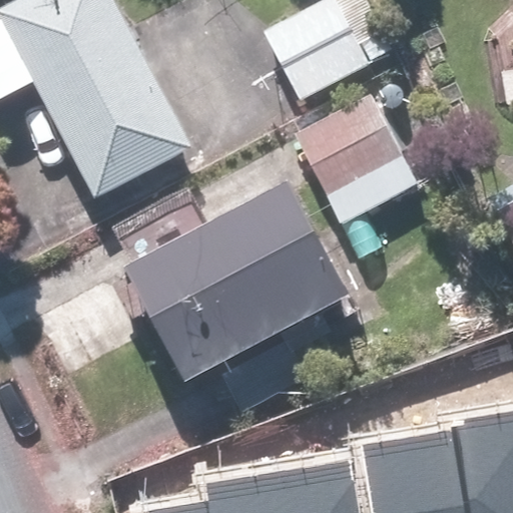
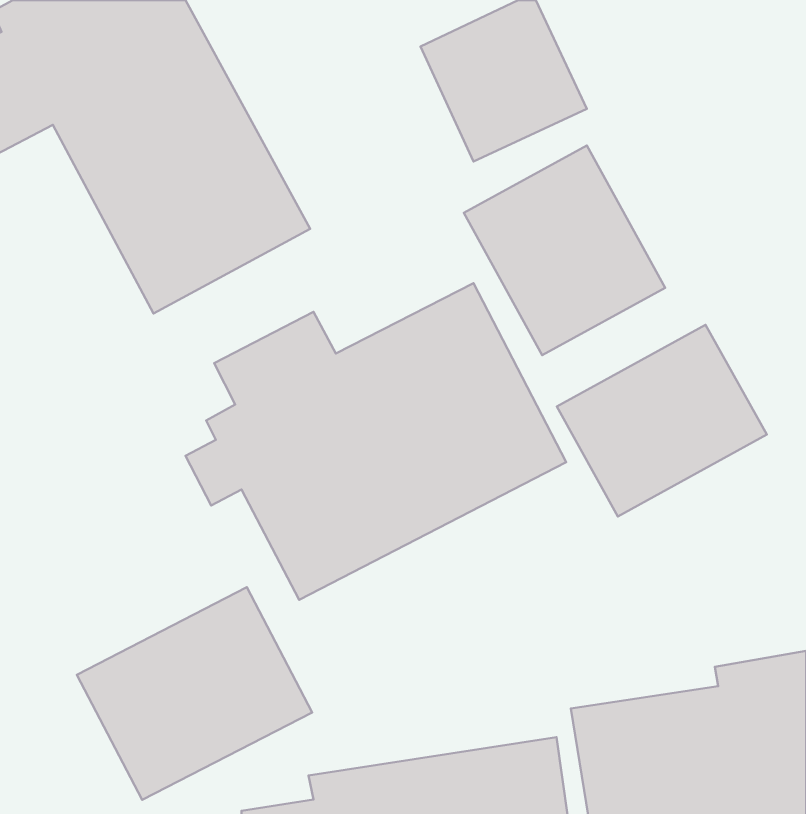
building: none -> [557,325,767,517]
building: none -> [77,587,312,800]

